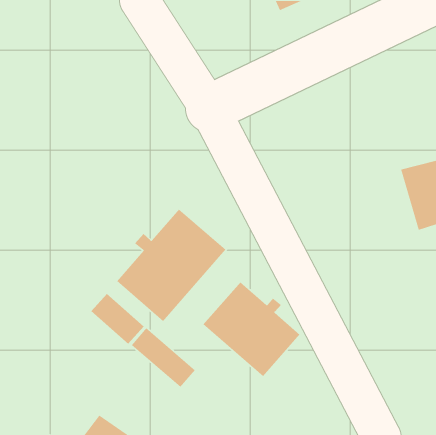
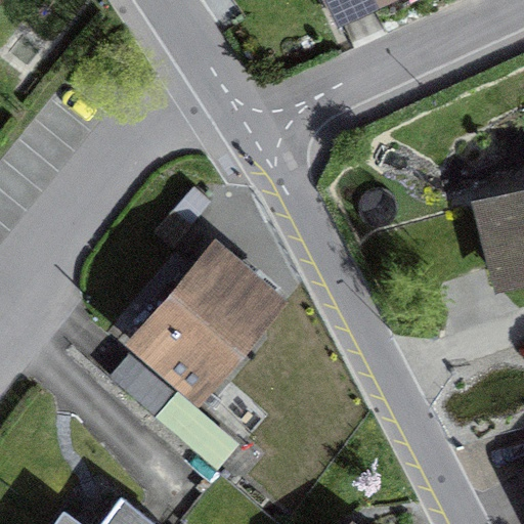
building: [203,281,300,377] -> none

